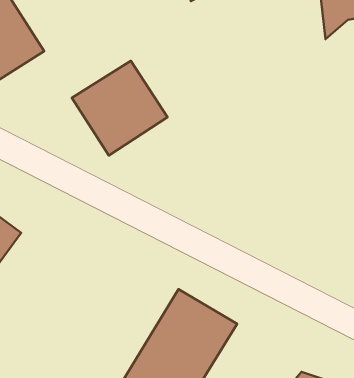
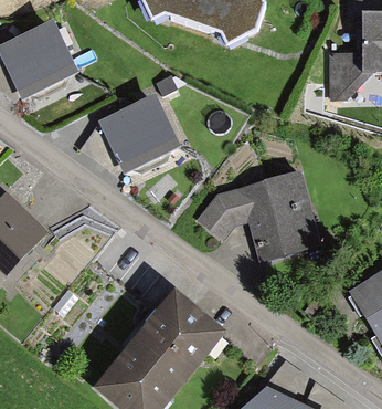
building: none -> [194,169,311,251]

